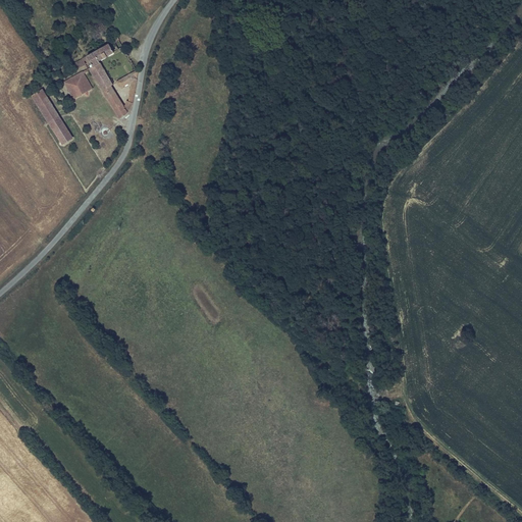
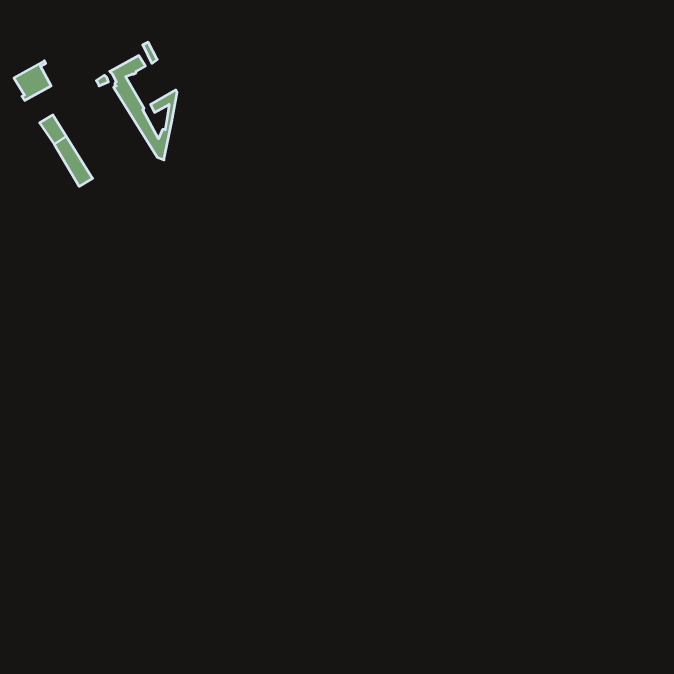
building: [62,68,91,99] -> [14,61,51,100]

